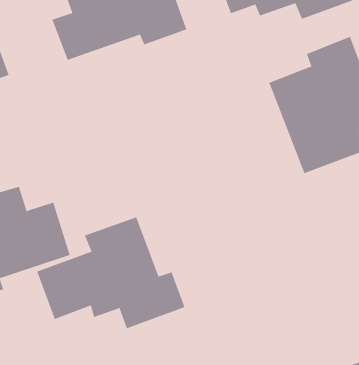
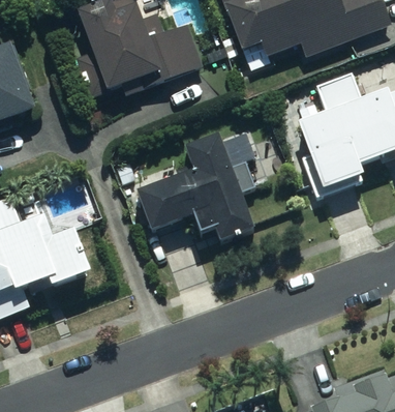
building: none -> [133,130,257,240]
building: [37,216,185,329] -> none

